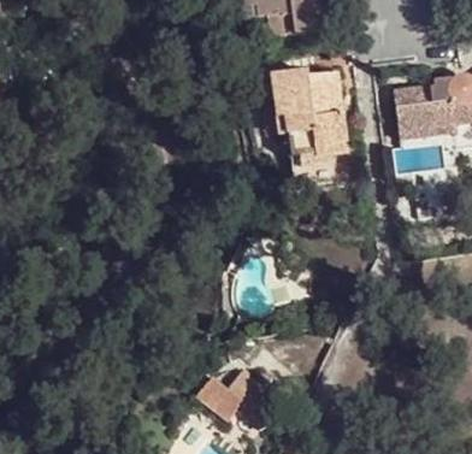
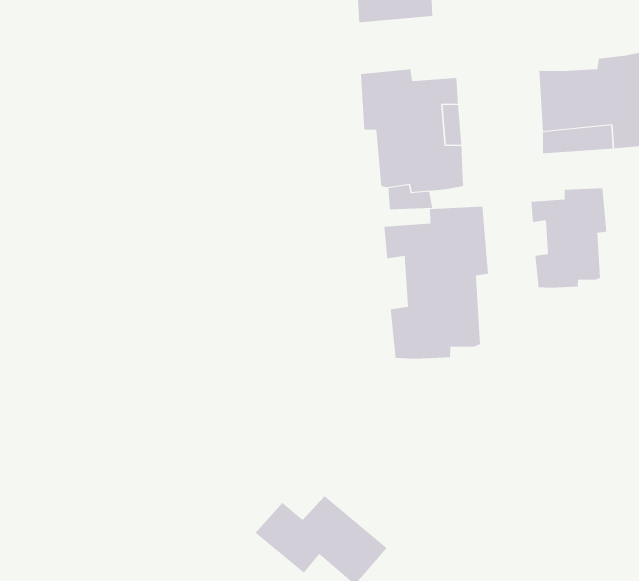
building: none -> [531,187,607,288]
building: none -> [384,206,489,360]

